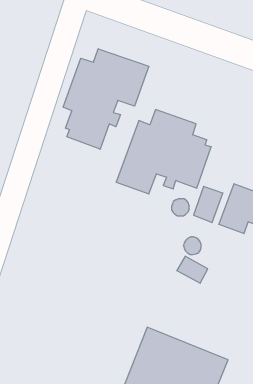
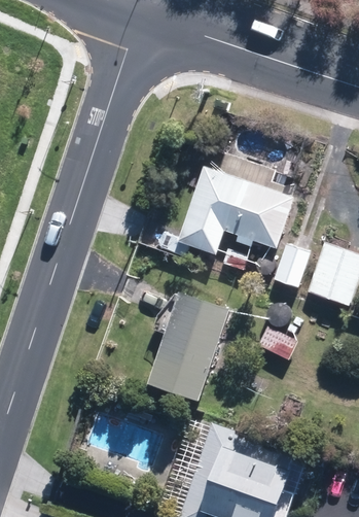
building: [63,49,149,149] -> none
building: none -> [149,291,234,402]

